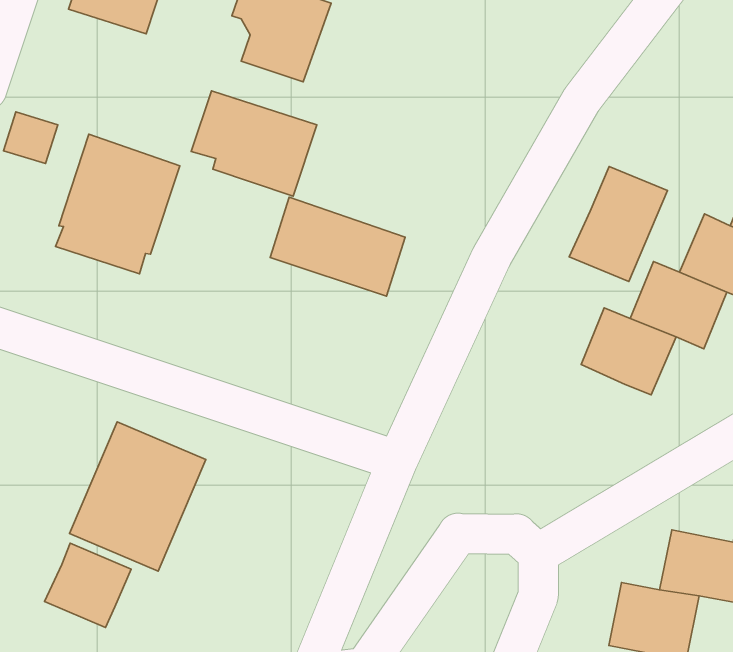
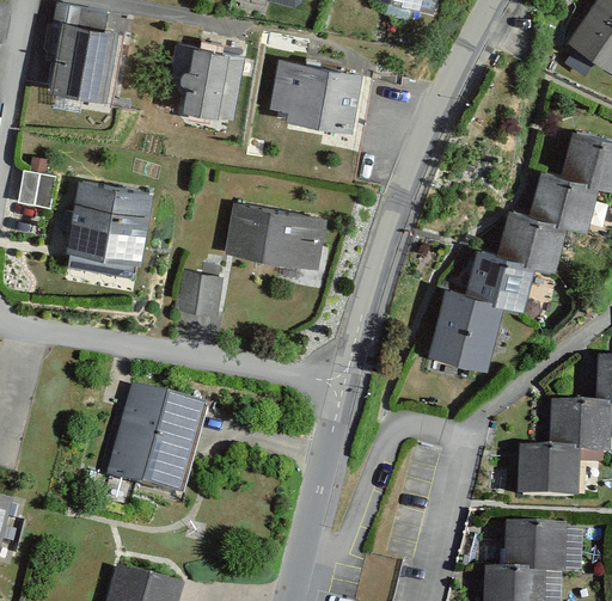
building: [191,91,317,196] -> [270,61,360,129]
building: [569,167,667,282] -> none
building: none -> [173,270,221,314]
building: none -> [429,289,502,367]
building: [44,543,131,627] -> none

